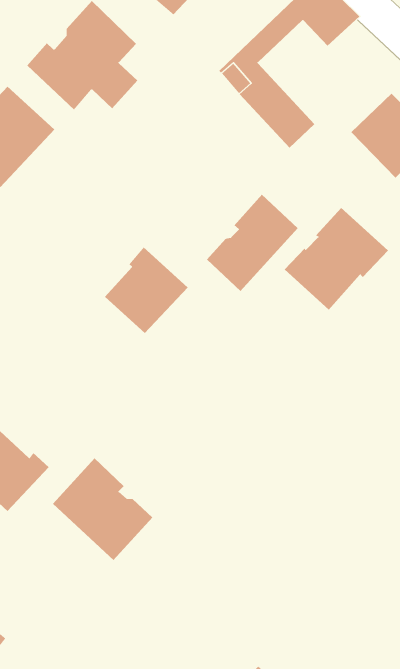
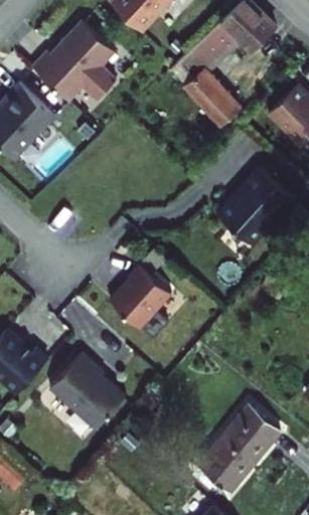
building: [206,194,299,292] -> none
building: [104,247,189,334] -> [110,267,172,331]
building: none -> [199,411,283,498]

